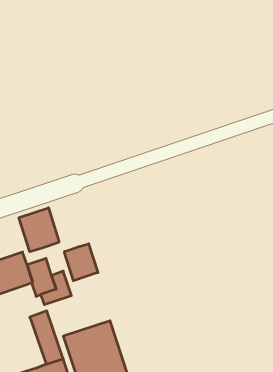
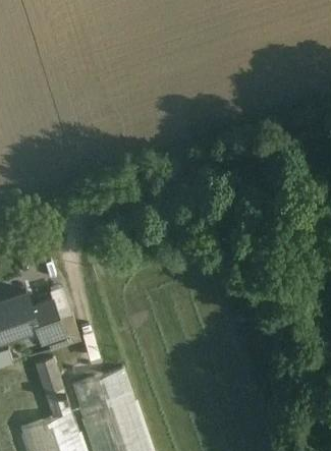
building: [19,208,59,252] -> none
building: [64,244,98,281] -> none

